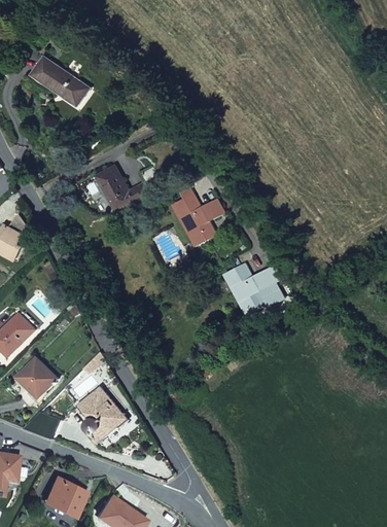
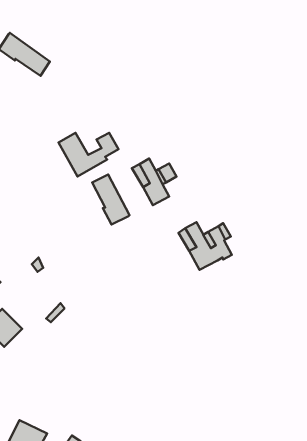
building: none -> [92,175,130,225]
building: [77,386,127,443] -> none

